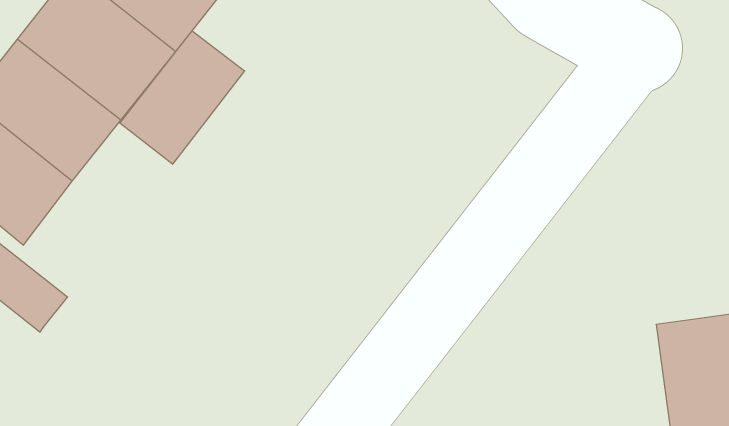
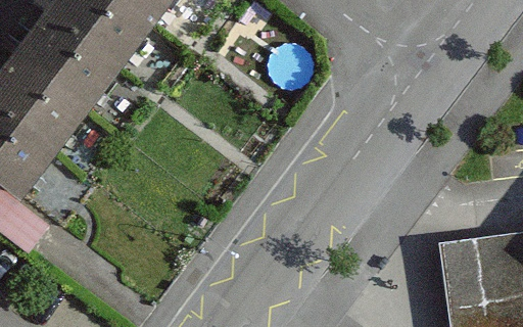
building: [120,31,245,164] -> none

